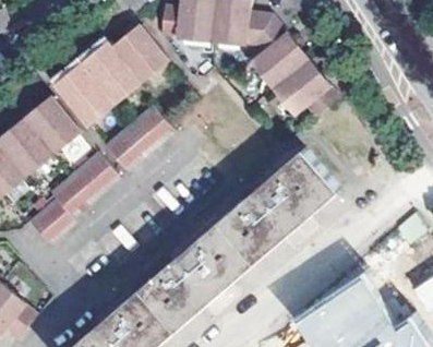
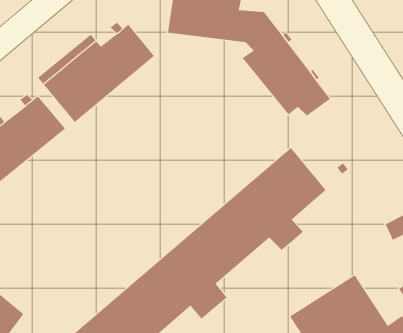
building: [103,106,171,171] -> none
building: [24,152,116,243] -> none

